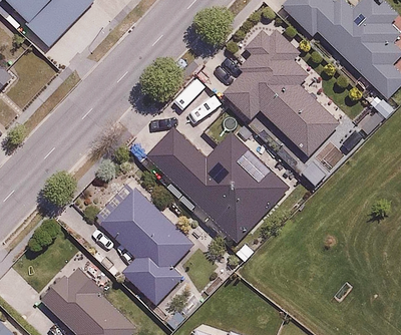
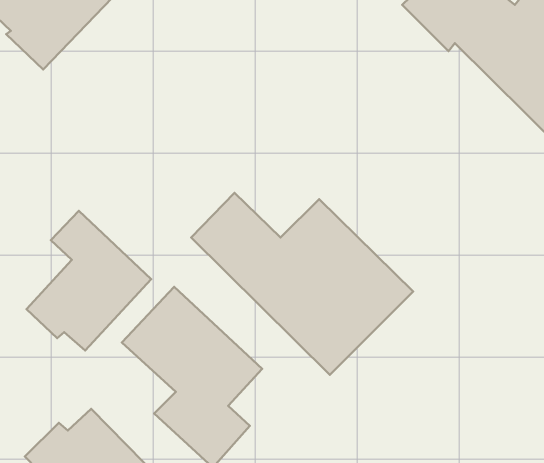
building: [224,16,341,159] -> none
building: none -> [27,211,151,351]

